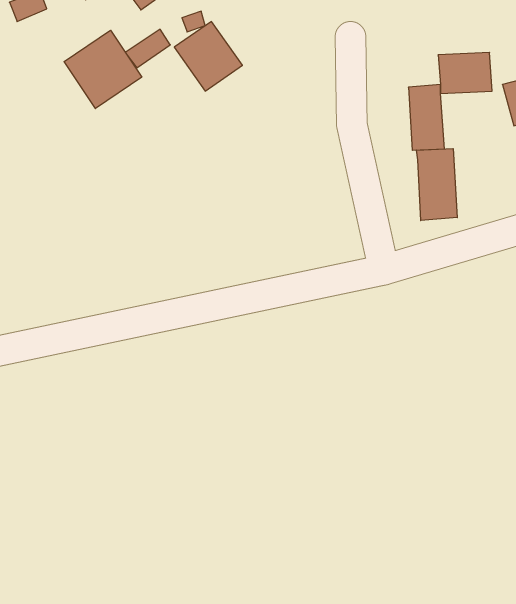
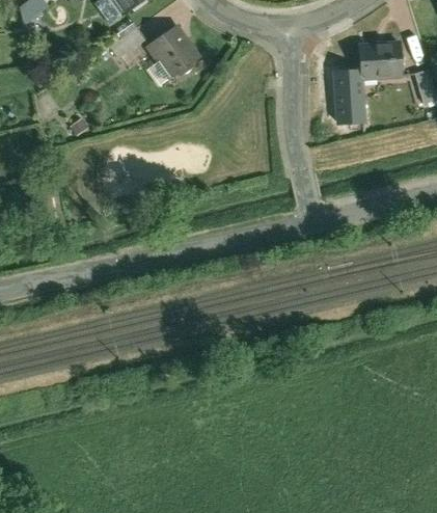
building: [64,30,142,109] -> none
building: [417,149,457,221] -> none

